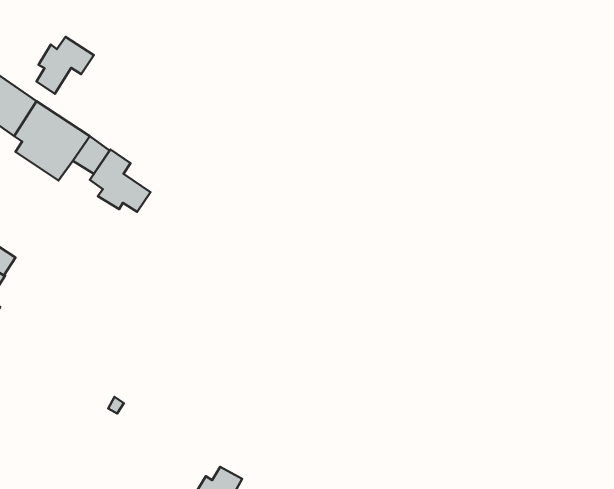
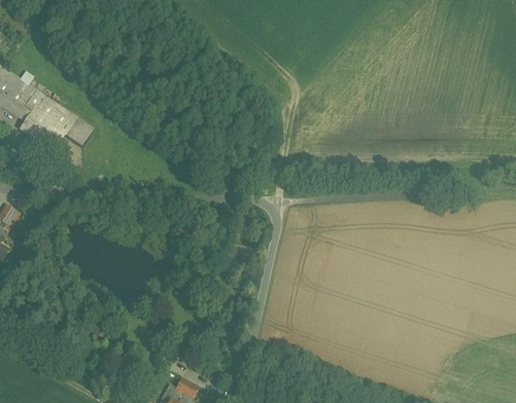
building: [36,37,94,94] -> none
building: [90,149,151,212] -> none

